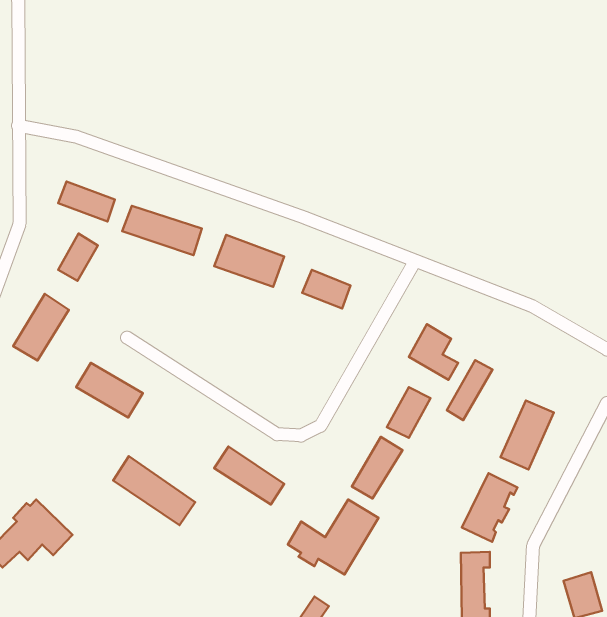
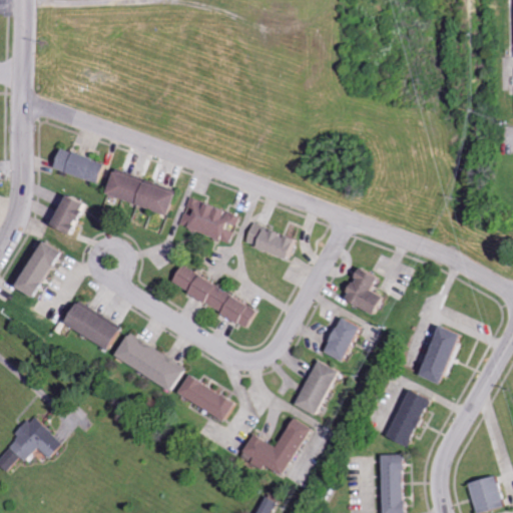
building: none -> [168,263,251,324]
building: [447,360,493,420] -> none
building: [113,456,195,525] -> [115,331,183,388]

